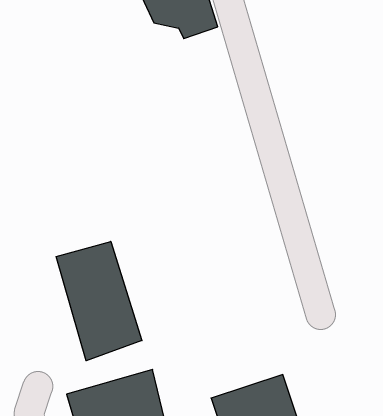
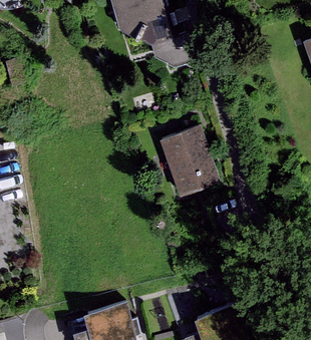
building: none -> [161,123,222,198]
building: [56,241,142,361] -> none

